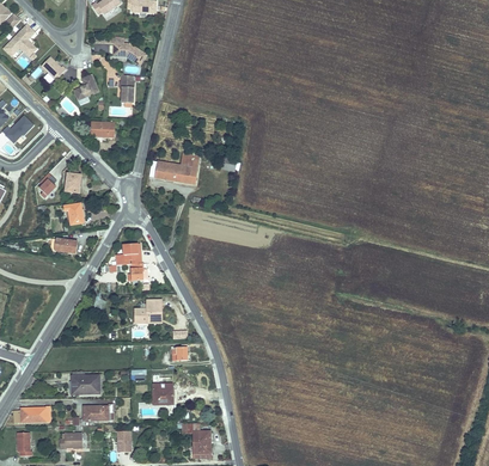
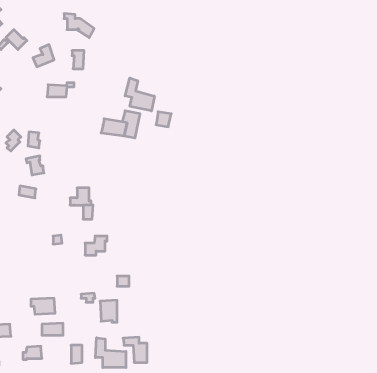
building: none -> [125,78,154,111]
building: none -> [95,338,126,368]

